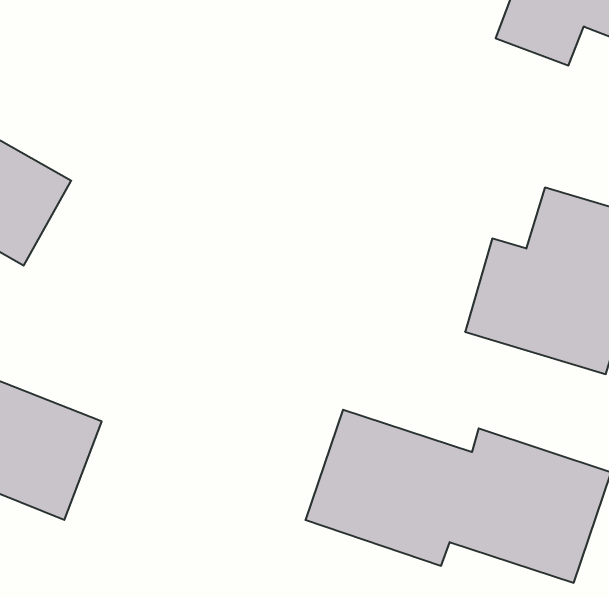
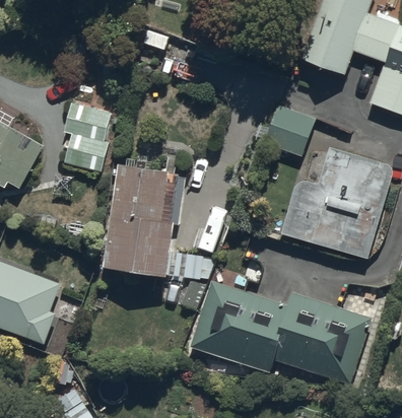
building: none -> [57,102,112,171]
building: none -> [268,107,316,156]
building: none -> [103,161,179,279]

